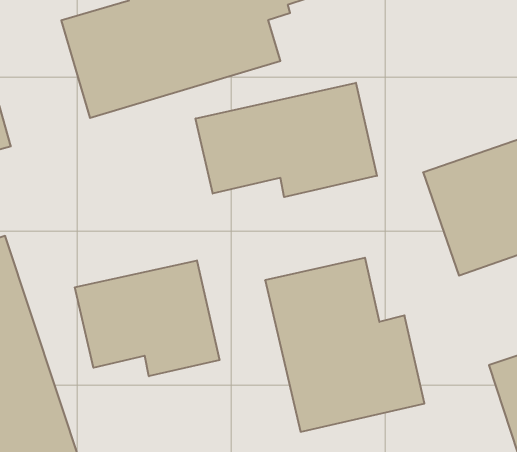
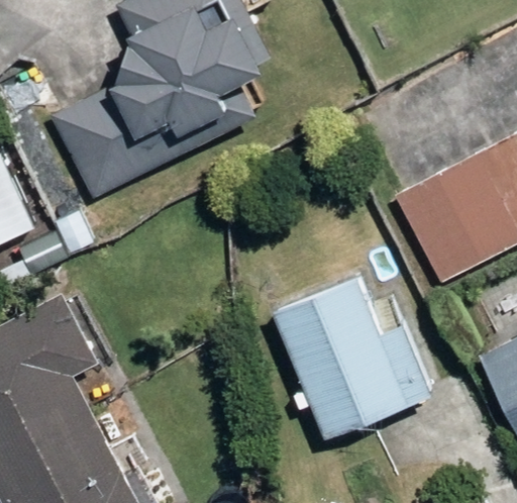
building: [196,83,377,197] -> none
building: [75,260,220,376] -> none

